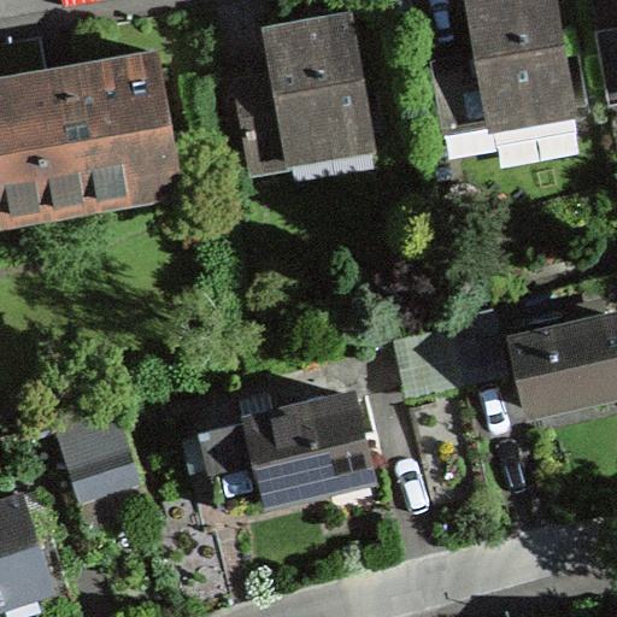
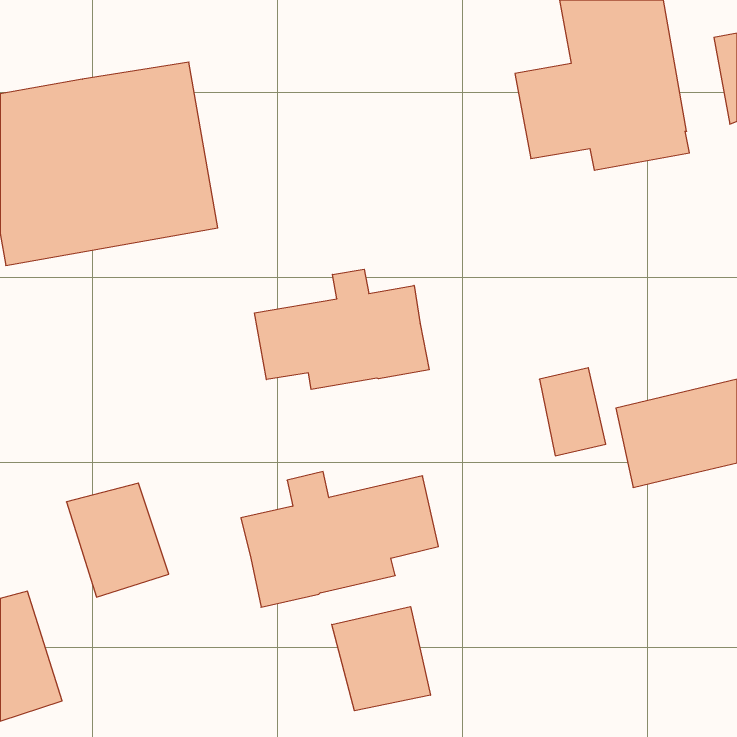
building: [201,16,374,172] -> none
building: none -> [255,269,429,389]
building: none -> [332,607,430,711]

